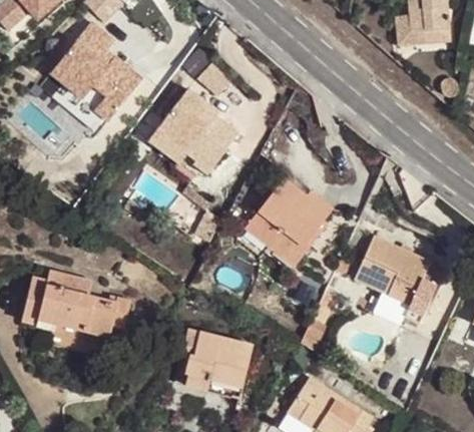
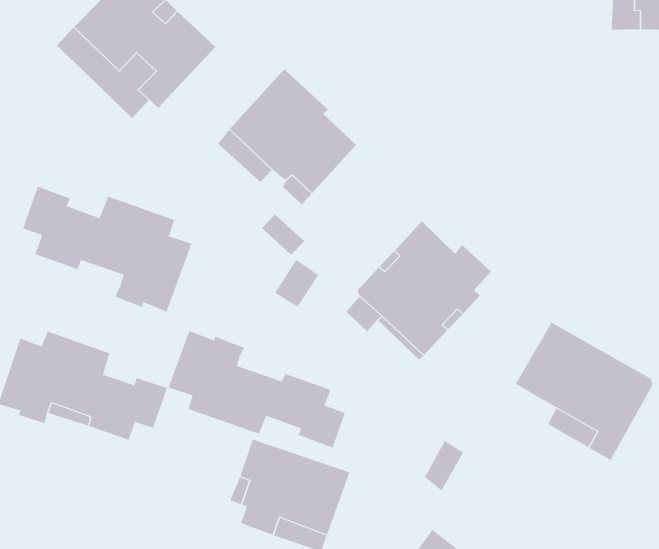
building: none -> [22,186,192,313]
building: none -> [168,330,346,448]

